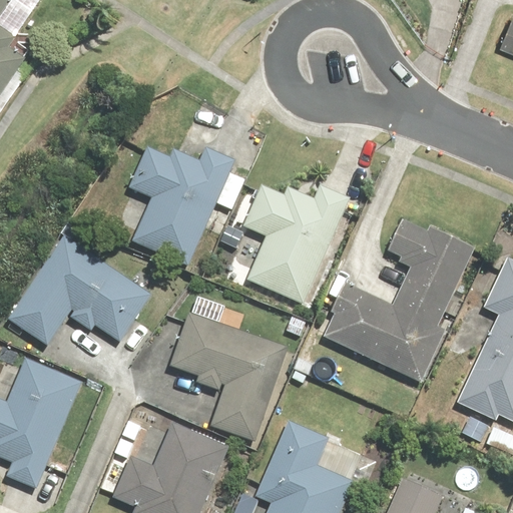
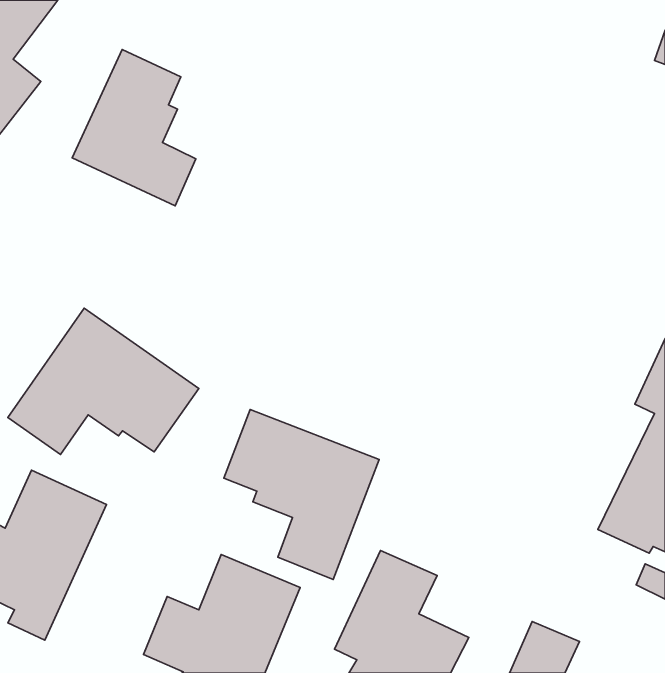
building: none -> [72,50,196,206]
building: [130,145,236,267] -> none
building: [243,183,350,306] -> none
building: [324,218,475,383] -> none

